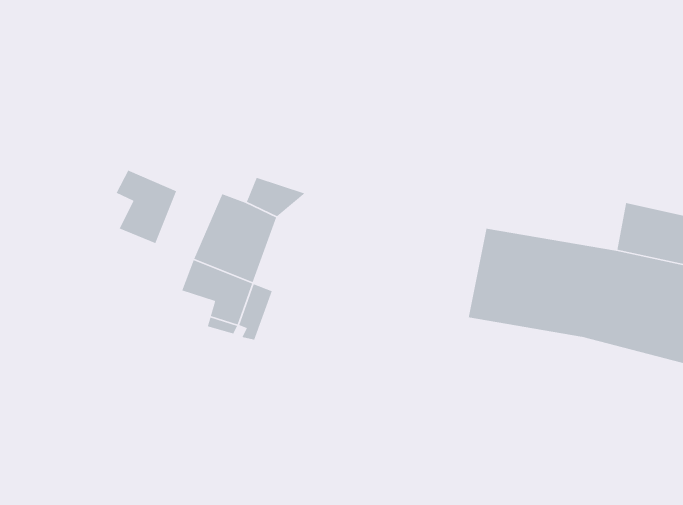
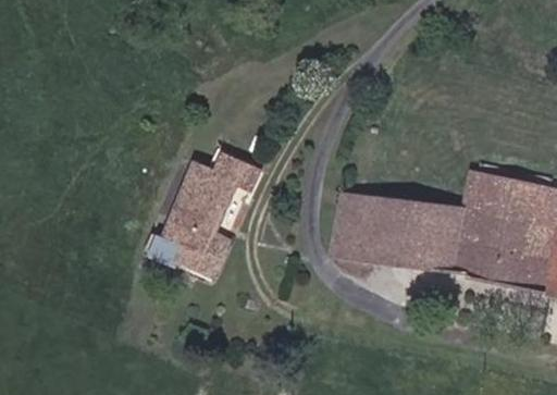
building: [116,170,177,244] -> none
building: none -> [341,187,385,258]

